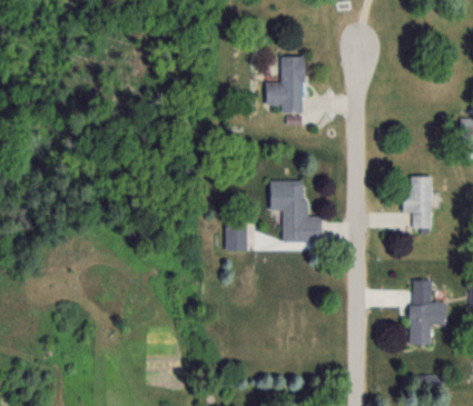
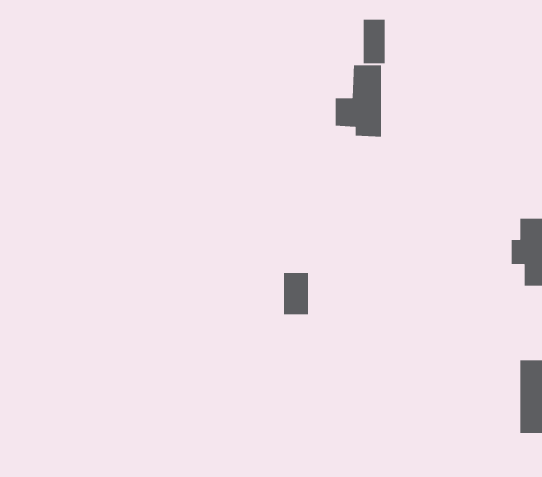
building: none -> [363,19,385,64]
building: [270,180,322,241] -> none

